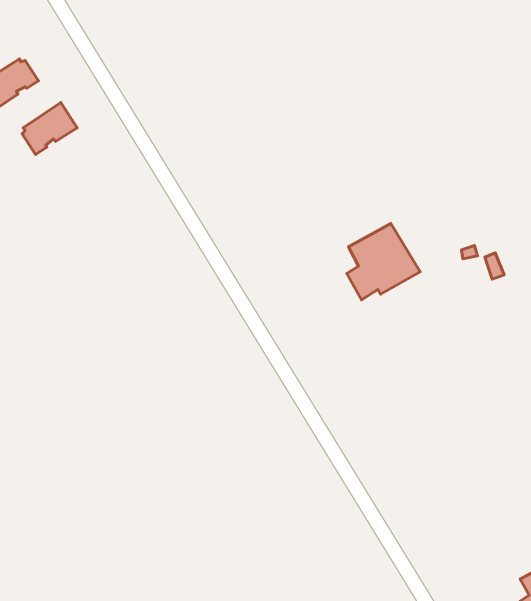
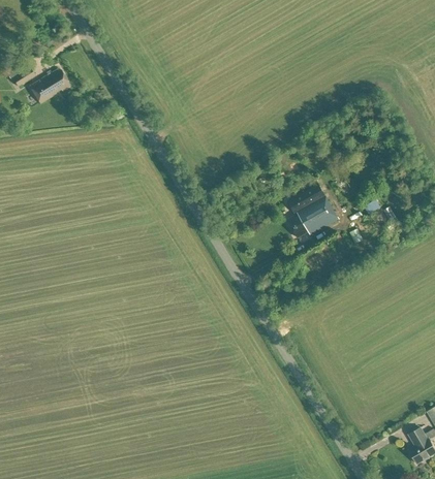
building: [22,103,77,155] -> none

